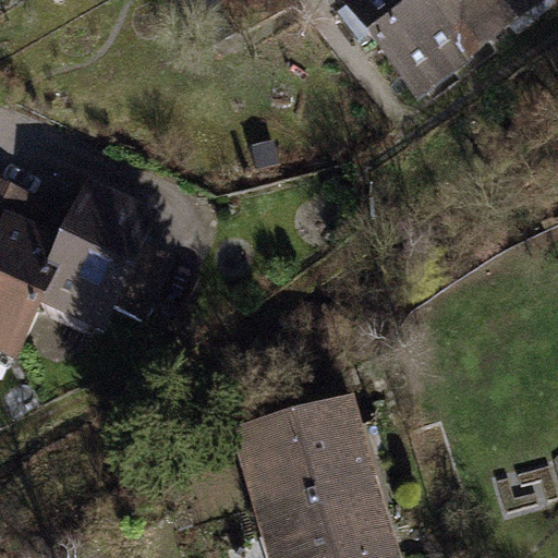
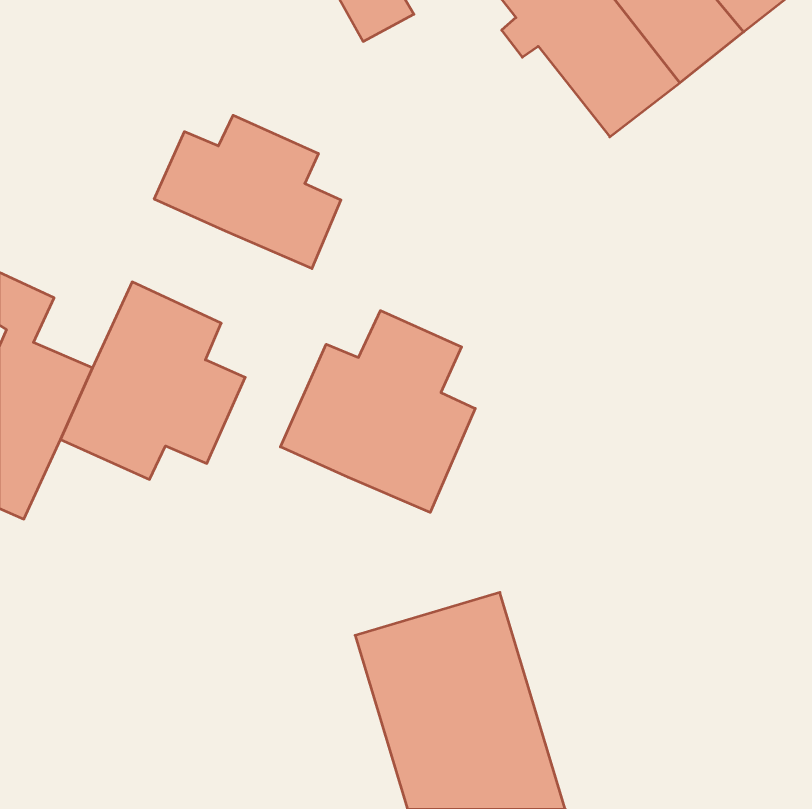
building: none -> [154,115,341,269]
building: none -> [280,311,475,512]

